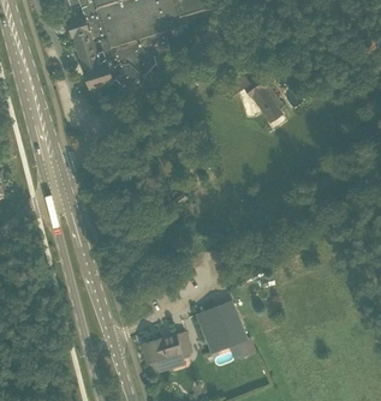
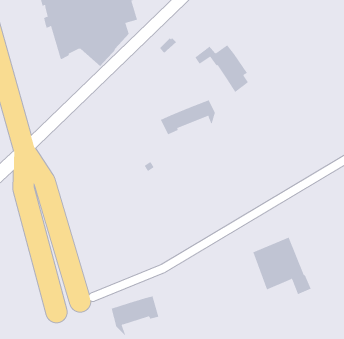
building: none -> [160,99,215,135]
building: [195,300,255,359] -> [252,237,312,295]

